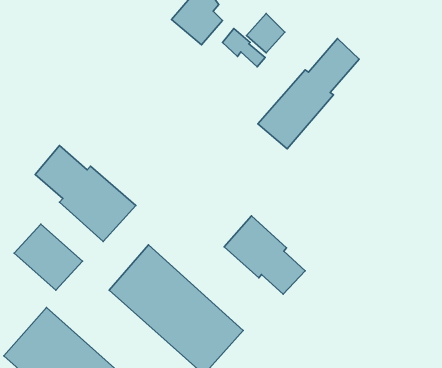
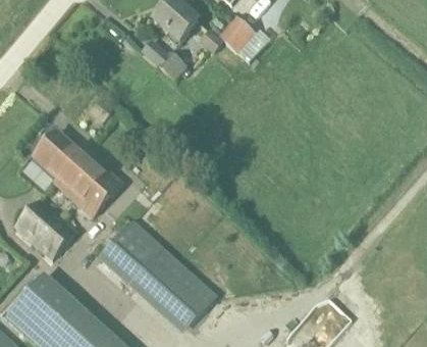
building: [258,39,359,149] -> none
building: none -> [140,38,186,80]
building: [224,216,305,294] -> none

